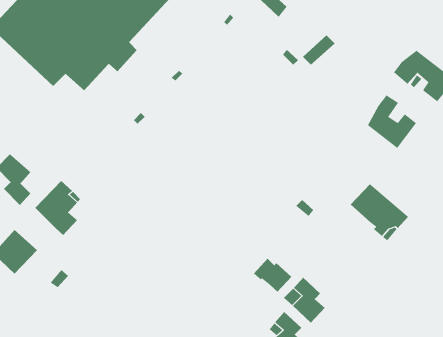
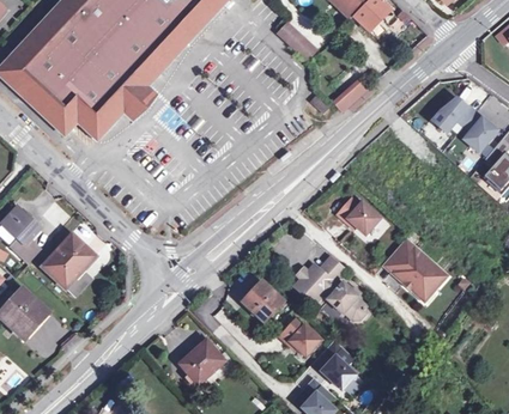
building: [367,94,417,149] -> none
building: none -> [337,199,380,235]
building: none -> [295,264,365,319]
building: none -> [242,282,283,322]
building: none -> [180,341,223,384]

